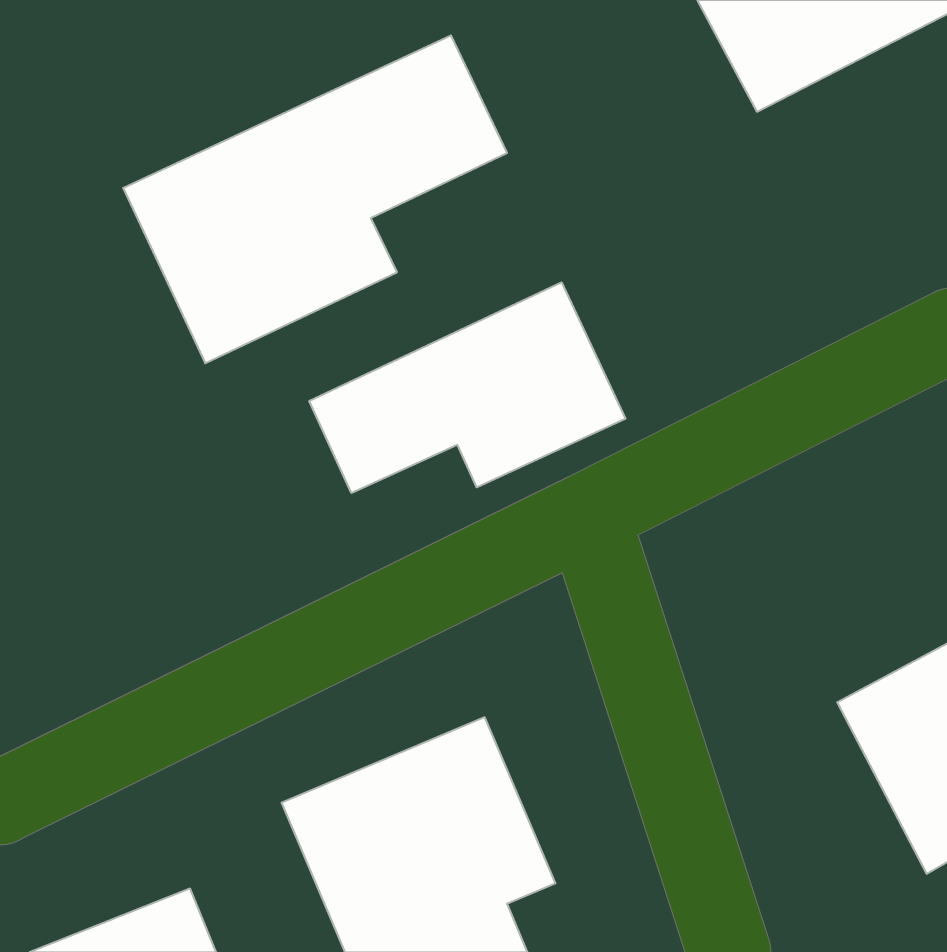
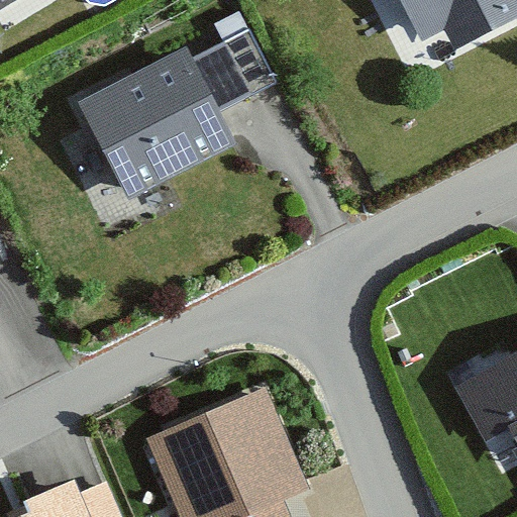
building: [309,282,625,493] -> none

